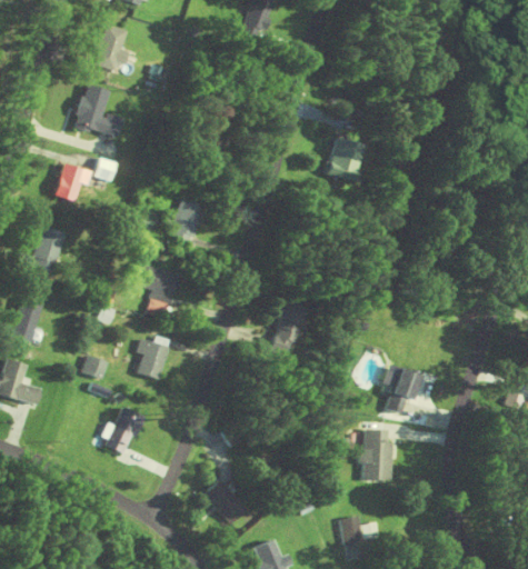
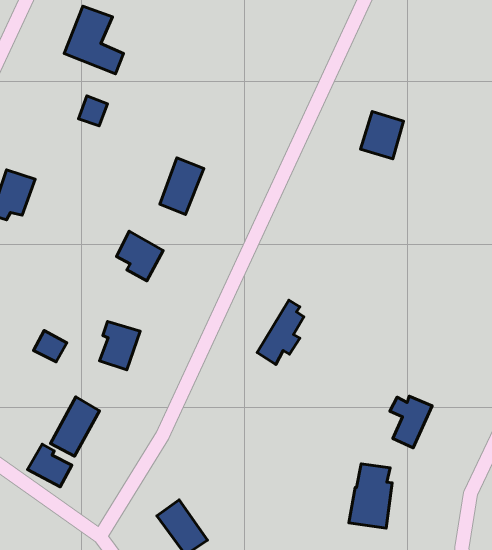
building: [54,164,91,201] -> none
building: none -> [28,444,72,487]

